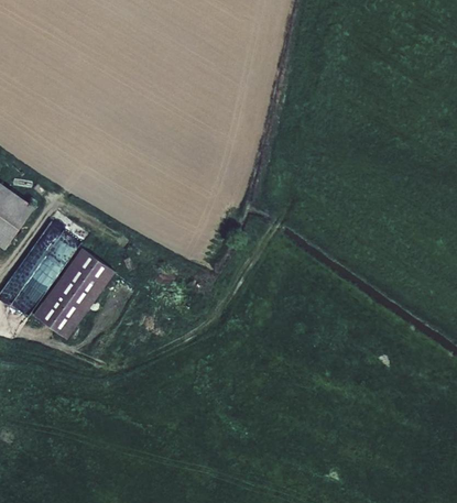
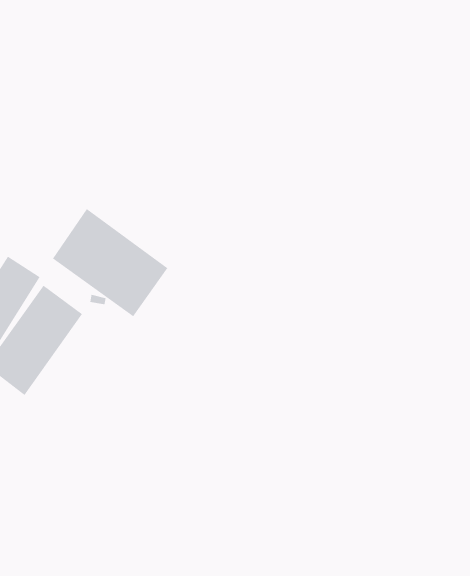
building: none -> [52,208,168,317]

